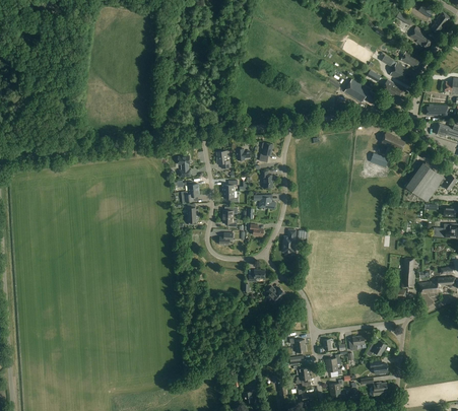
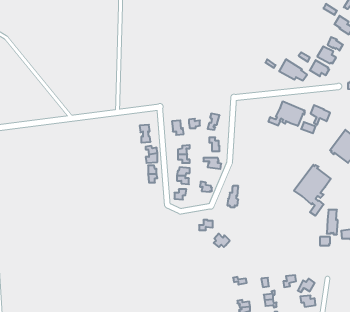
building: none -> [269,101,305,126]
building: none -> [294,165,331,216]

